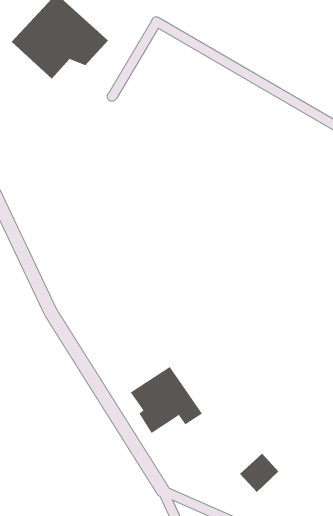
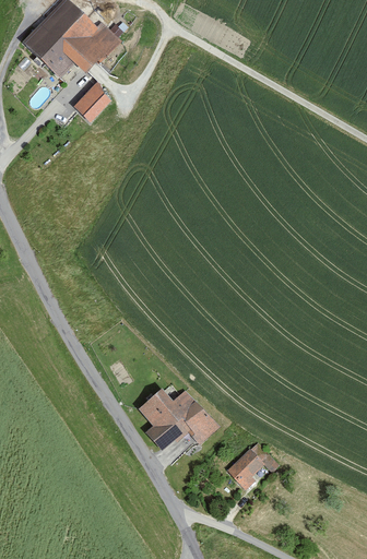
building: none -> [75,87,108,121]
building: [239,453,279,493] -> [226,448,268,489]

